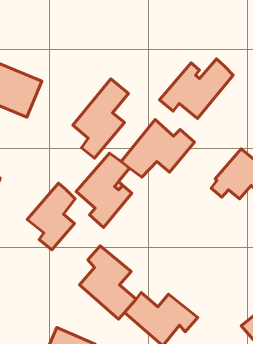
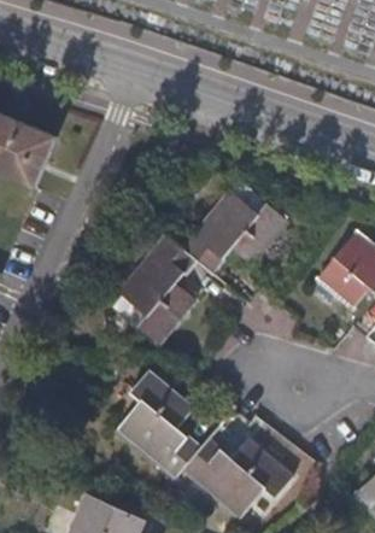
building: [159,59,233,119] -> none
building: [73,79,129,158] -> none
building: [27,183,75,250] -> none

